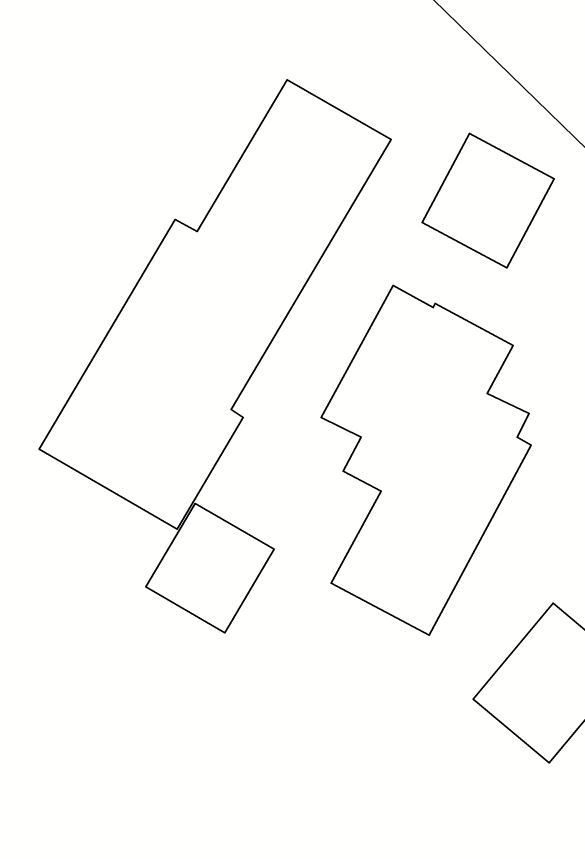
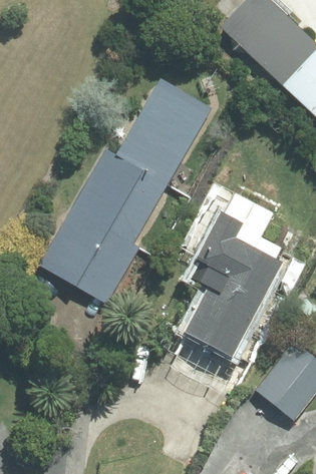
building: [422,133,554,268] -> none
building: [146,503,274,633] -> none

